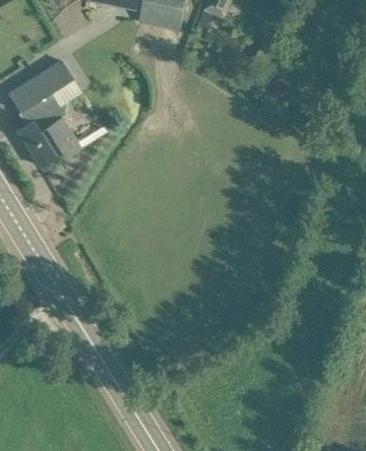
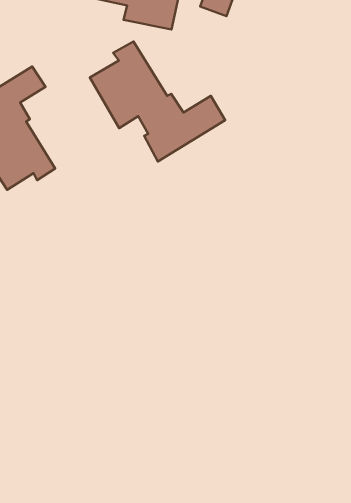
building: none -> [90,42,225,162]

